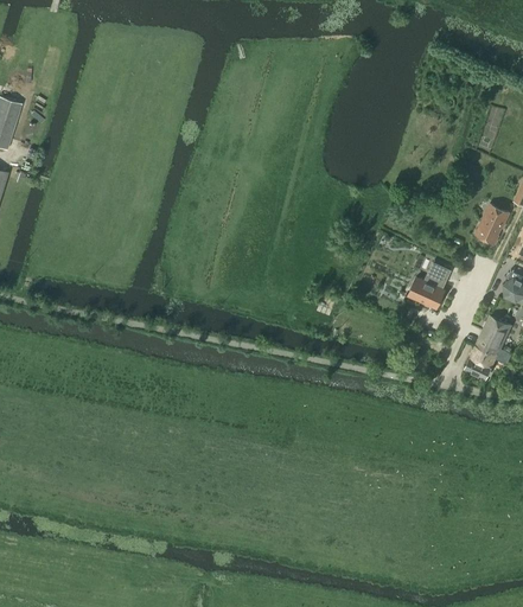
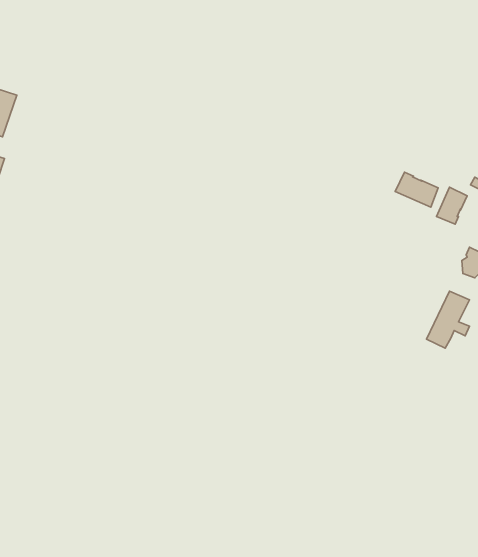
building: none -> [395,172,438,207]
building: [408,266,449,308] -> none

